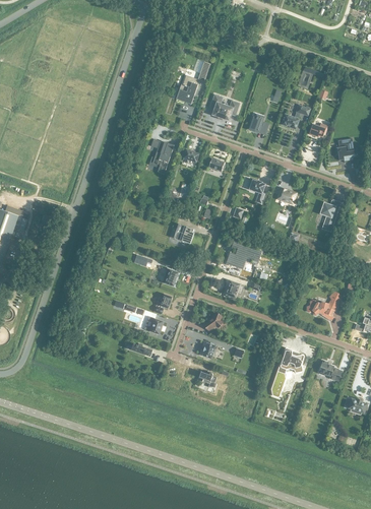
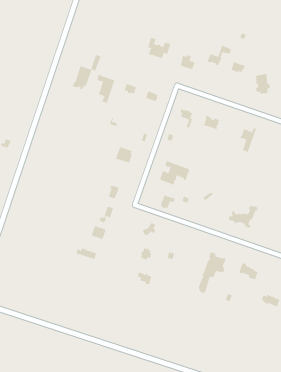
building: [176,61,210,103] -> [72,54,102,90]

